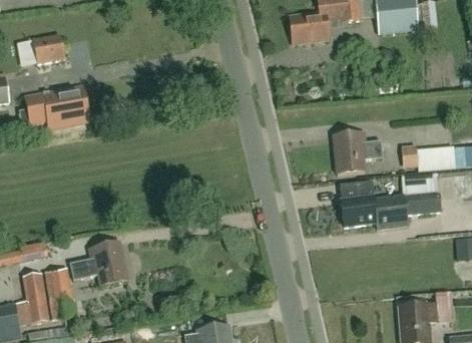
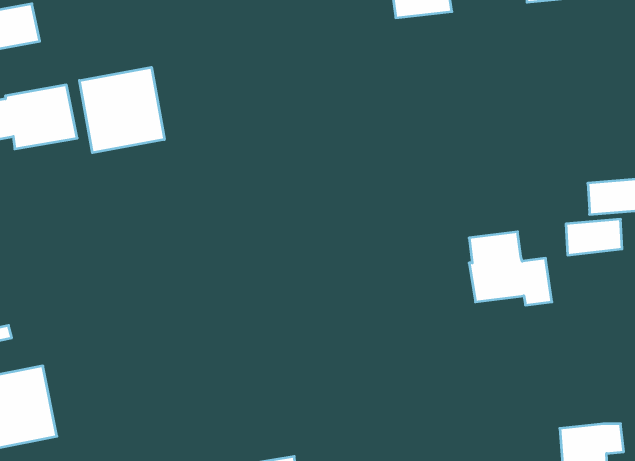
building: none -> [79,67,164,153]
building: [334,131,383,174] -> none
building: [390,192,441,226] -> none
building: [70,241,128,286] -> none

